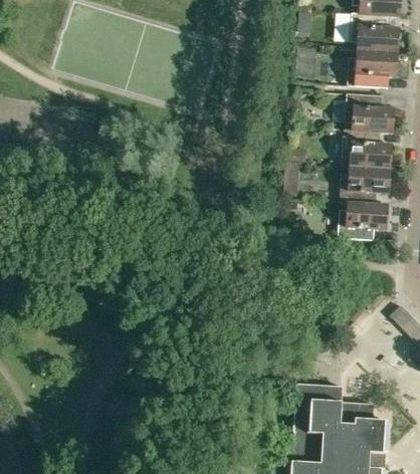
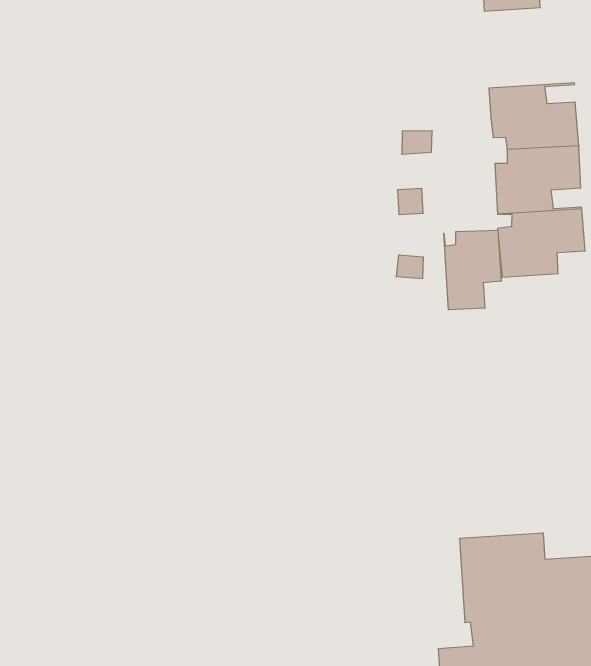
building: [344,93,394,133] -> none
building: none -> [444,230,501,310]

